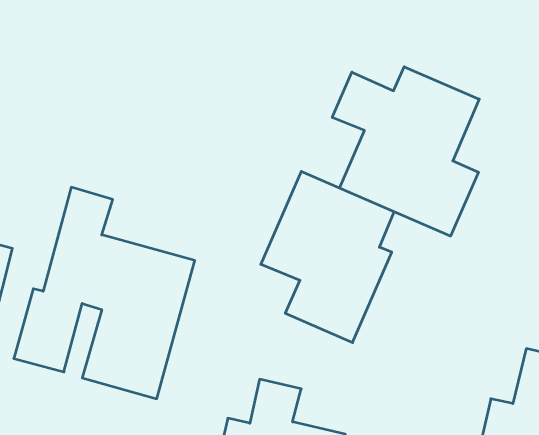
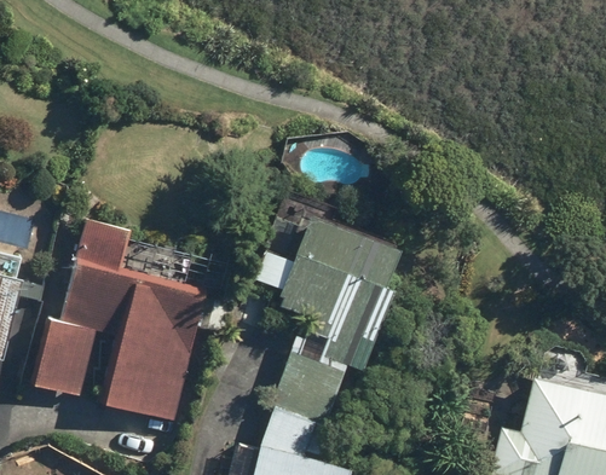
building: [332,67,479,236] -> none
building: none -> [272,349,347,421]

